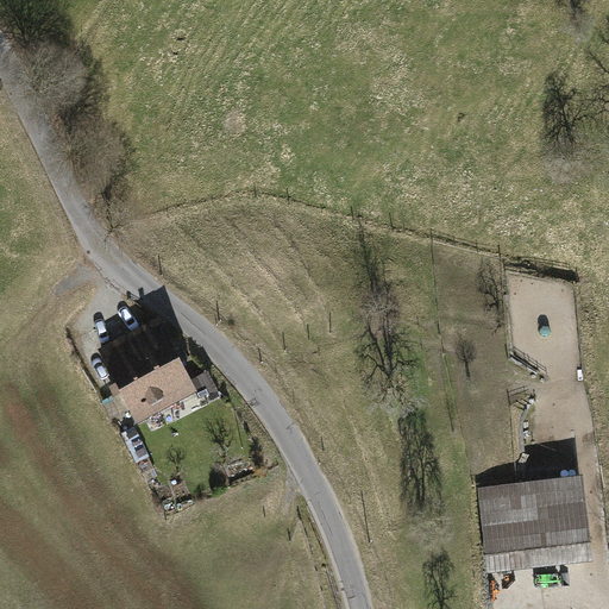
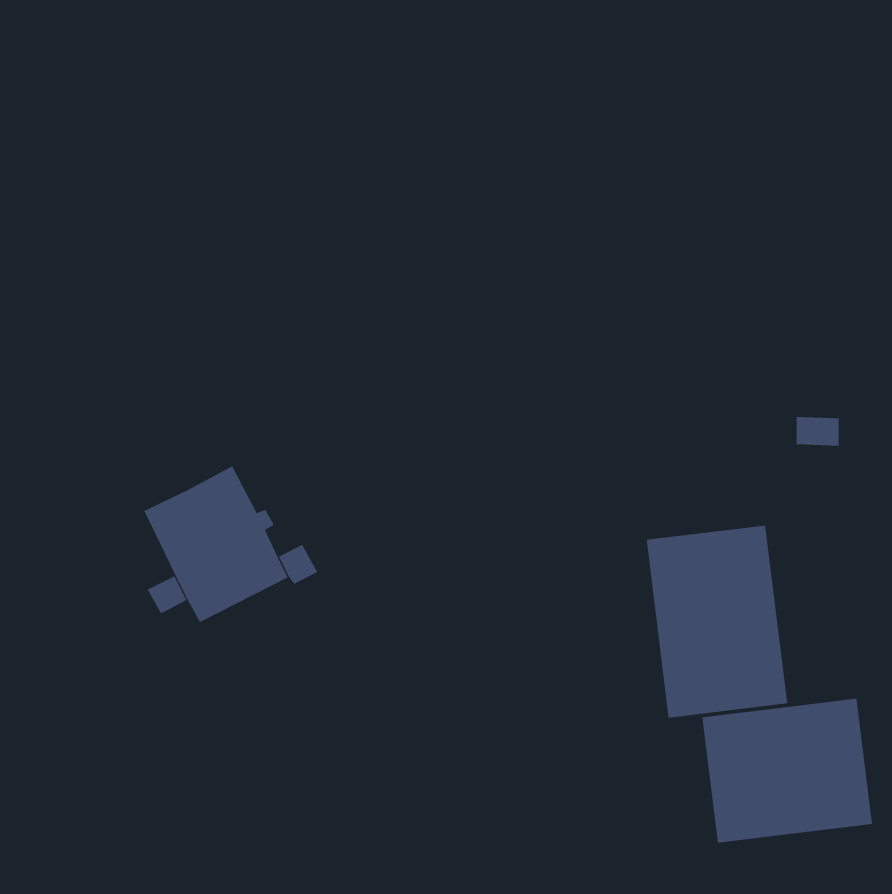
building: none -> [646,525,788,718]

